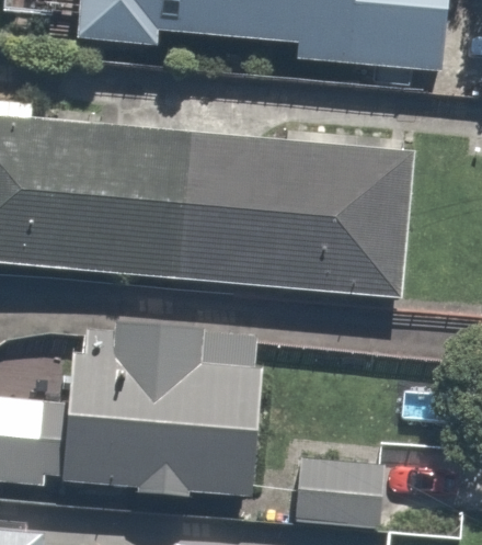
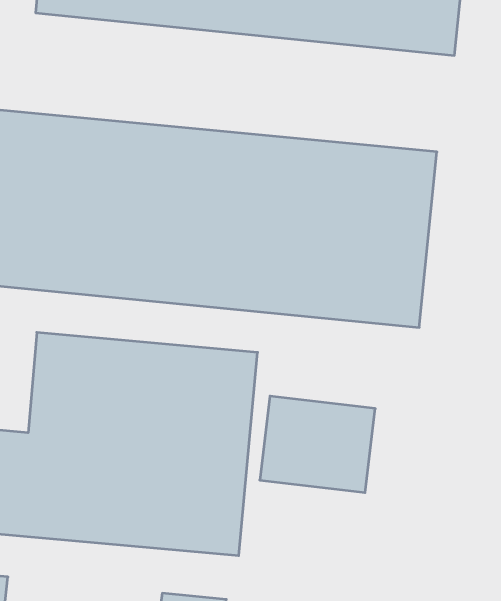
building: [283,453,383,537] -> [260,396,375,493]

